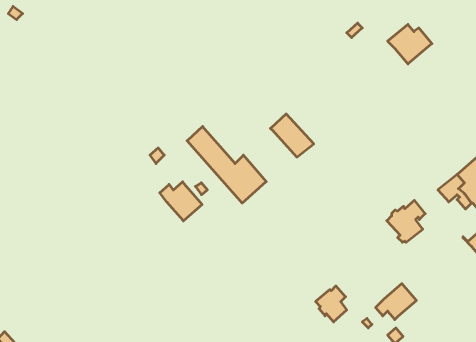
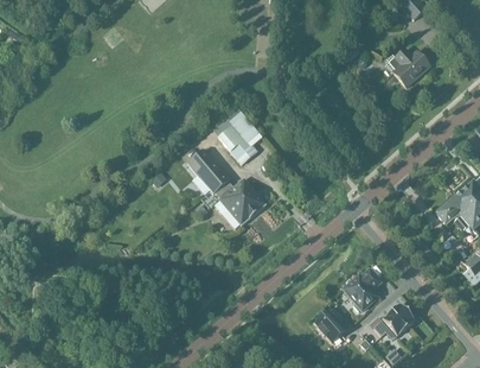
building: [270,114,314,157] -> [216,120,258,163]
building: [160,182,202,221] -> none
building: [387,200,425,242] -> [344,267,382,309]

